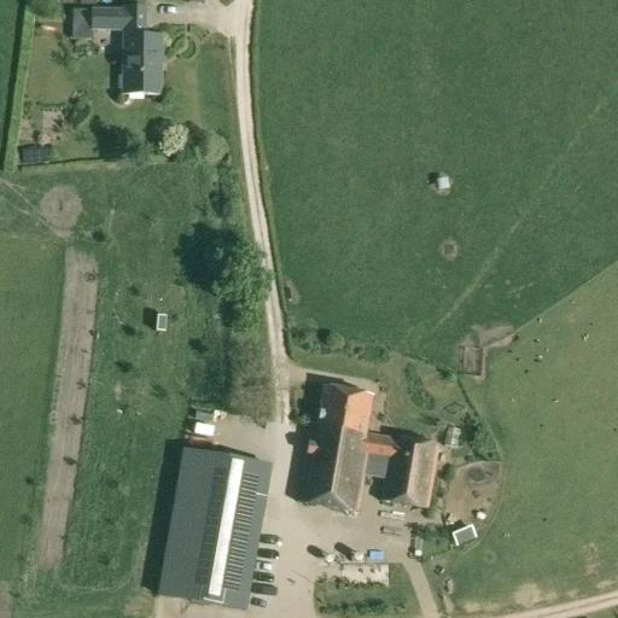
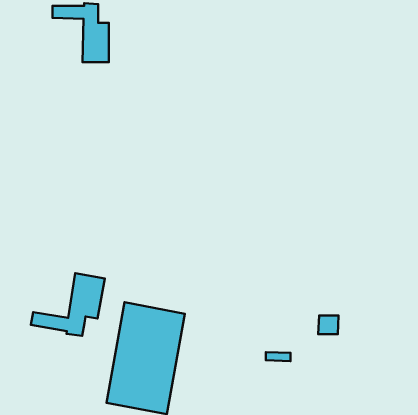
building: [298,385,437,509] -> none
building: none -> [31,273,105,336]

